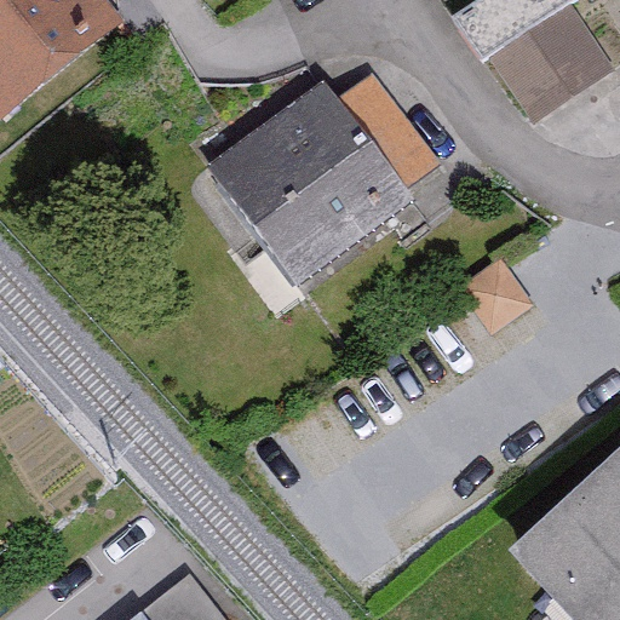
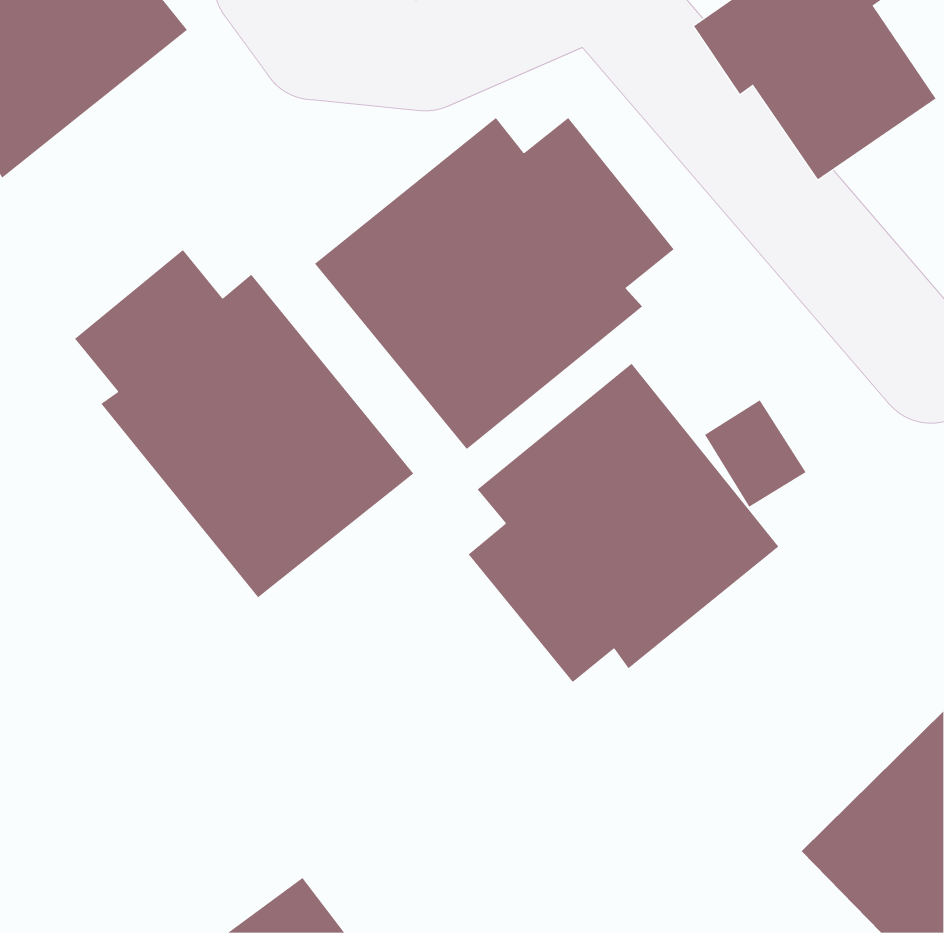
building: none -> [74,249,414,598]
building: none -> [468,363,779,683]

